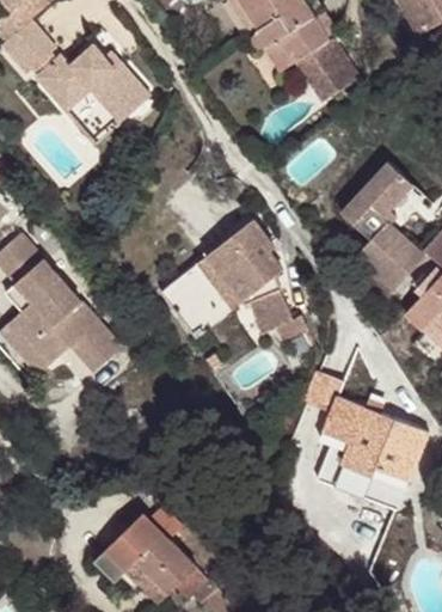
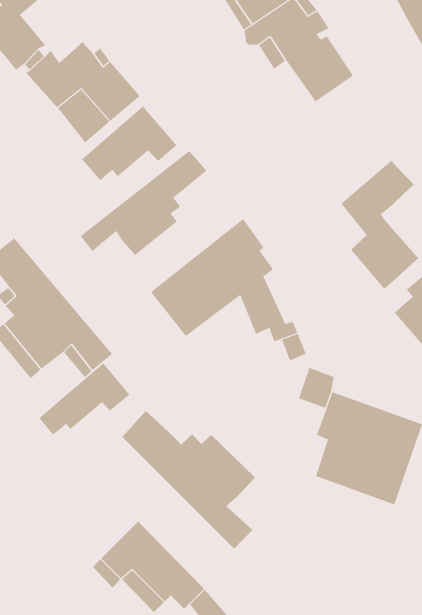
building: none -> [81,105,177,181]
building: none -> [80,150,207,256]
building: none -> [38,362,130,436]
building: none -> [121,410,256,549]

